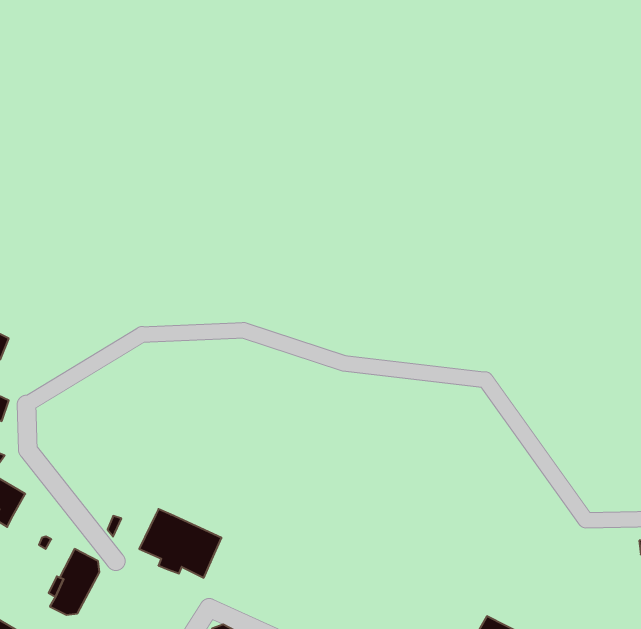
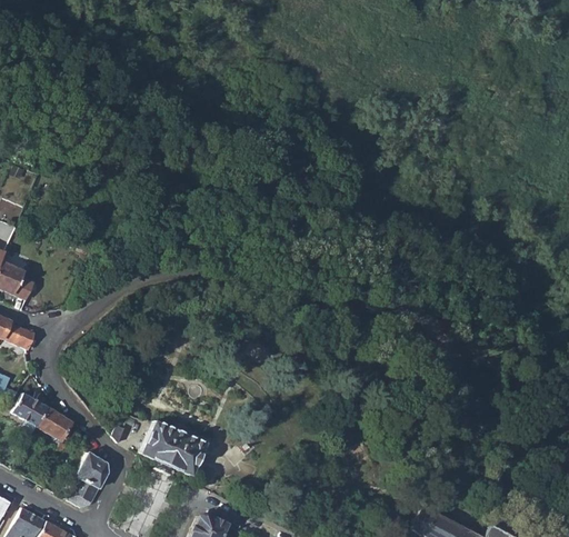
building: none -> [38,408,73,440]

